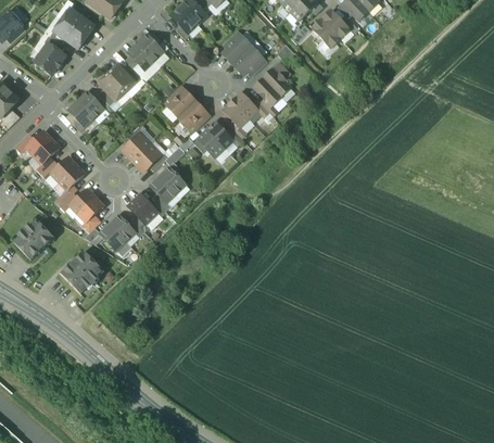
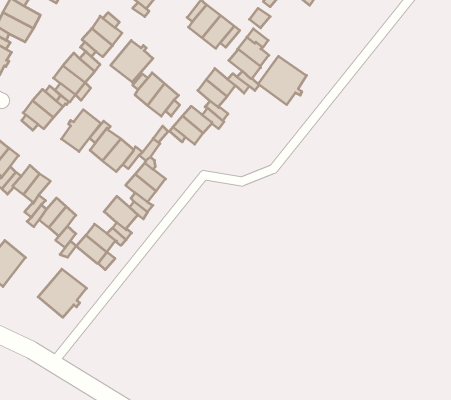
building: none -> [111,40,153,82]
building: none -> [258,56,307,105]
building: none -> [61,110,101,152]

